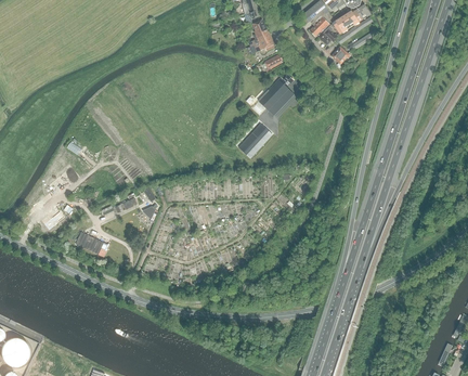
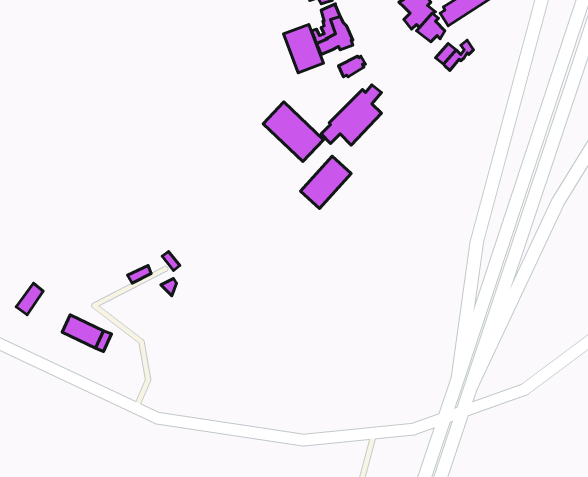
building: none -> [283,24,323,73]
building: none -> [263,102,324,162]

